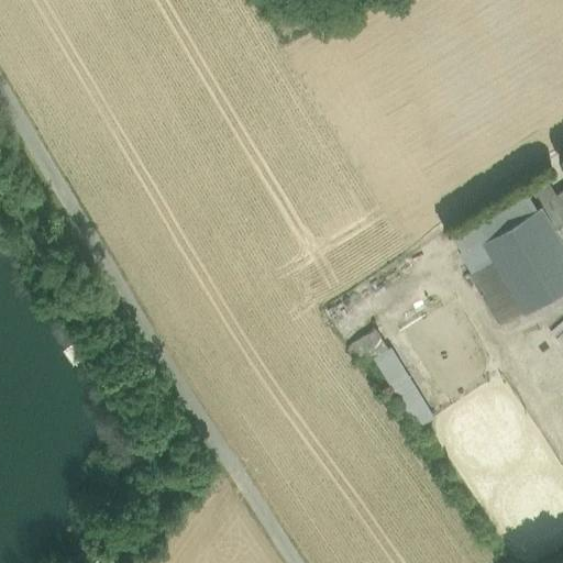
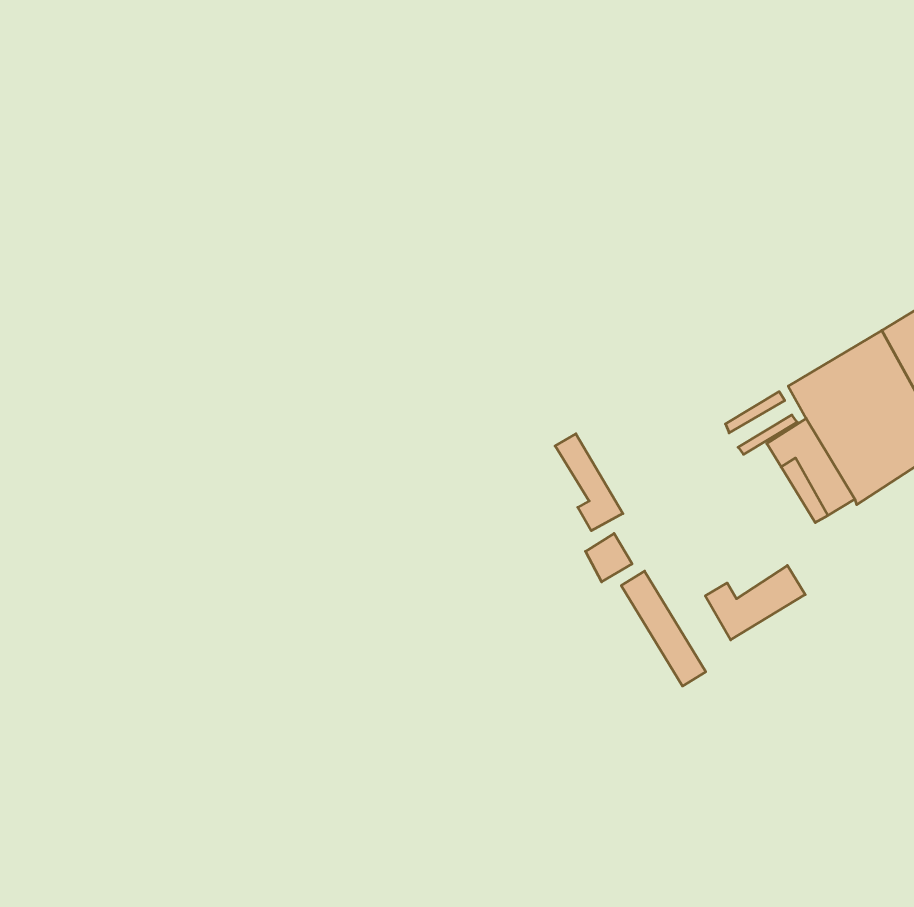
building: none -> [555,434,623,531]
building: none -> [705,565,805,640]

